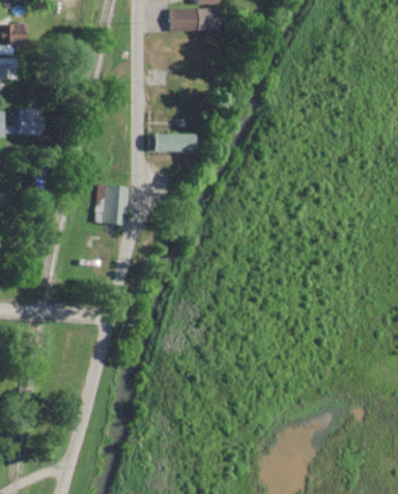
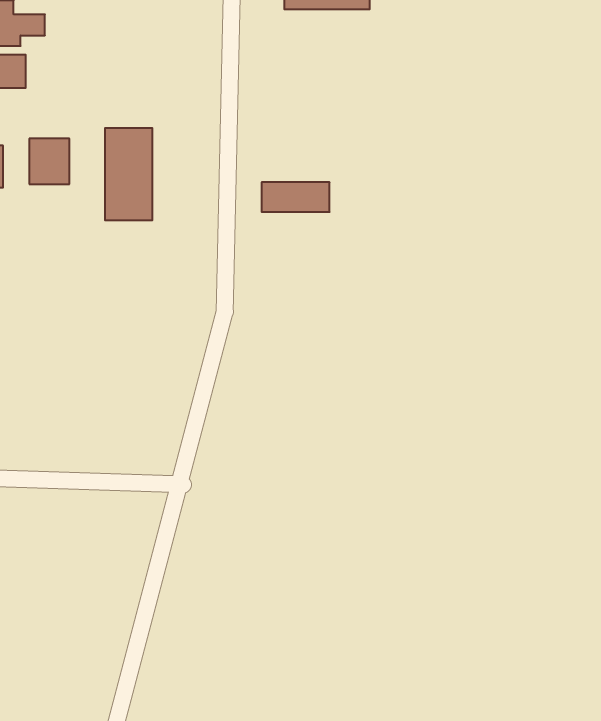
building: none -> [105,128,152,220]
building: [101,184,127,224] -> none

